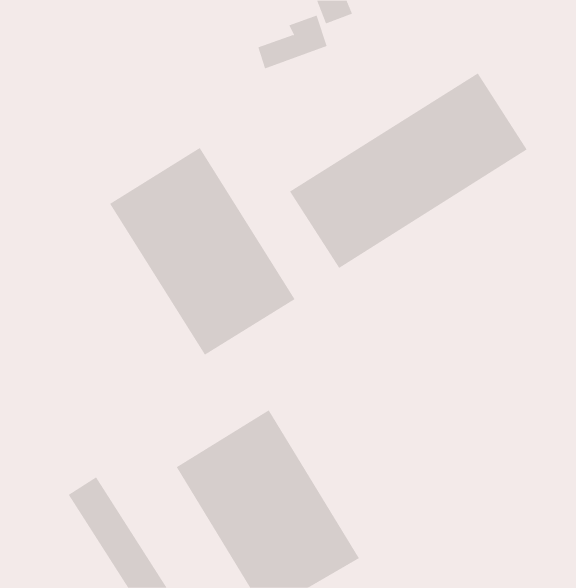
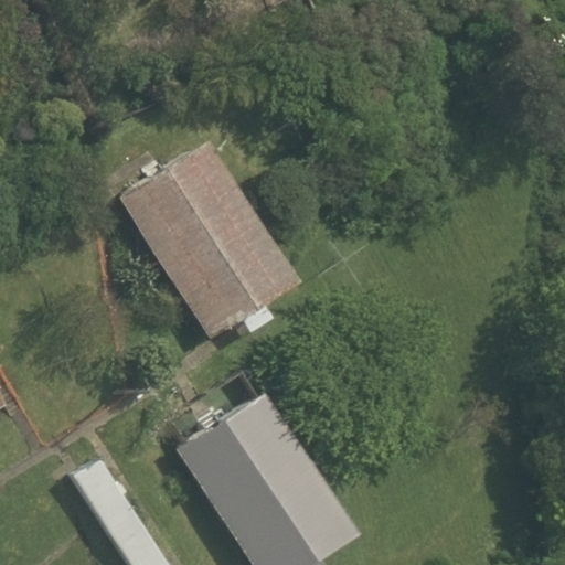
building: [289,72,528,269] -> none

